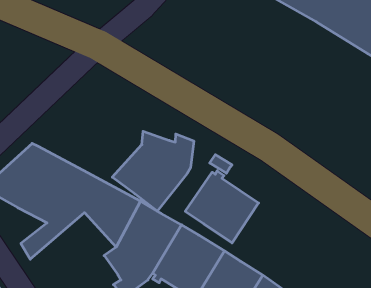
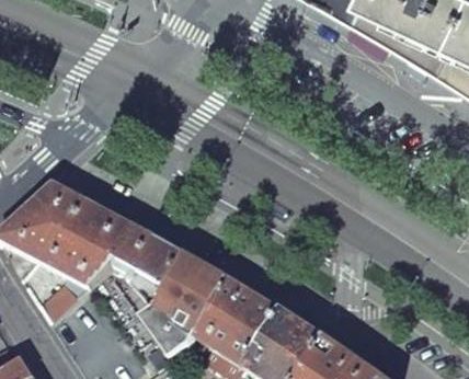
building: [112,131,194,211] -> none
building: [185,171,259,243] -> none

